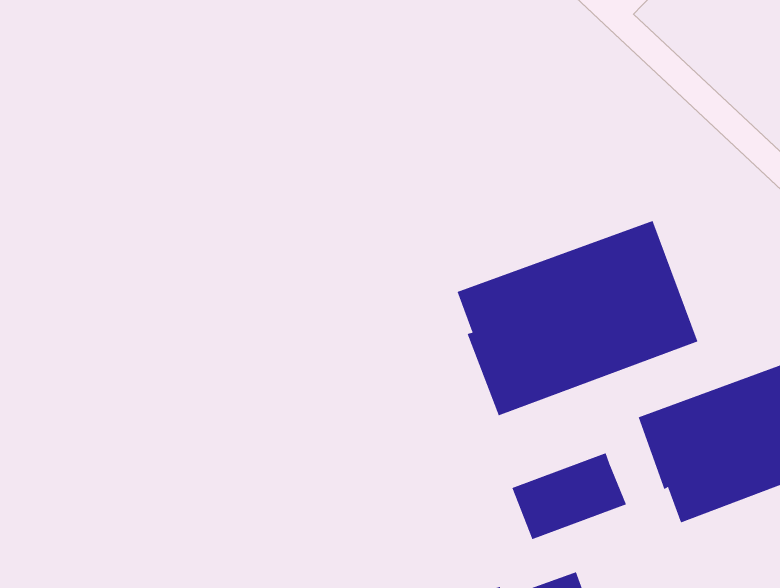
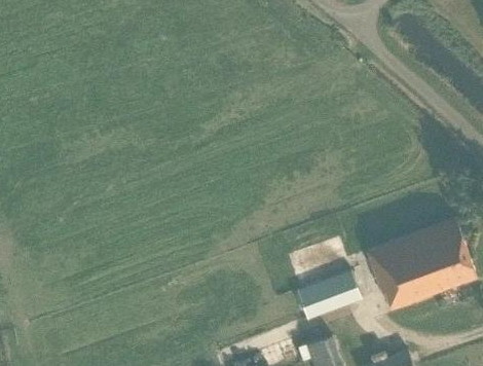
building: [457,220,698,416] -> none

